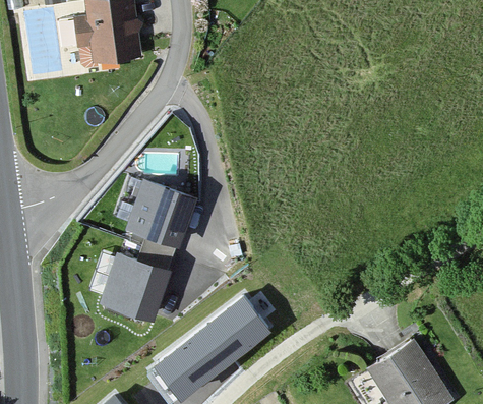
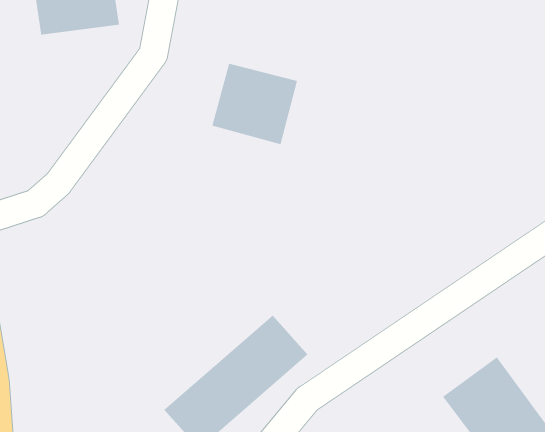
building: [125,180,194,246] -> [212,63,298,145]
building: [100,252,170,320] -> none

